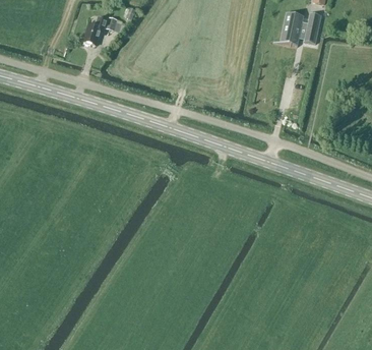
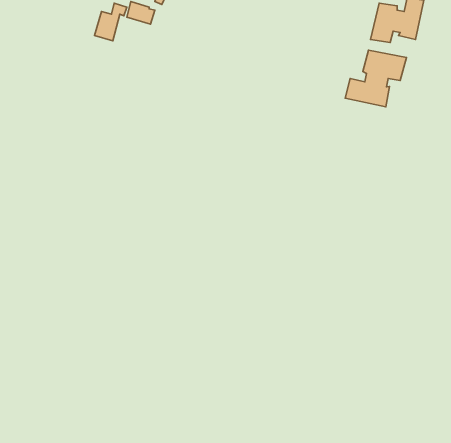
building: none -> [345,50,406,107]

